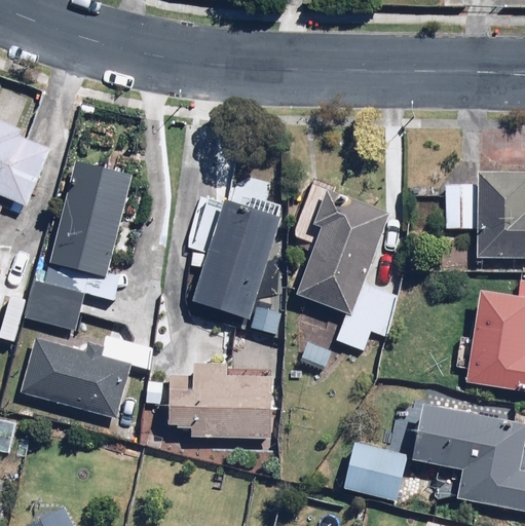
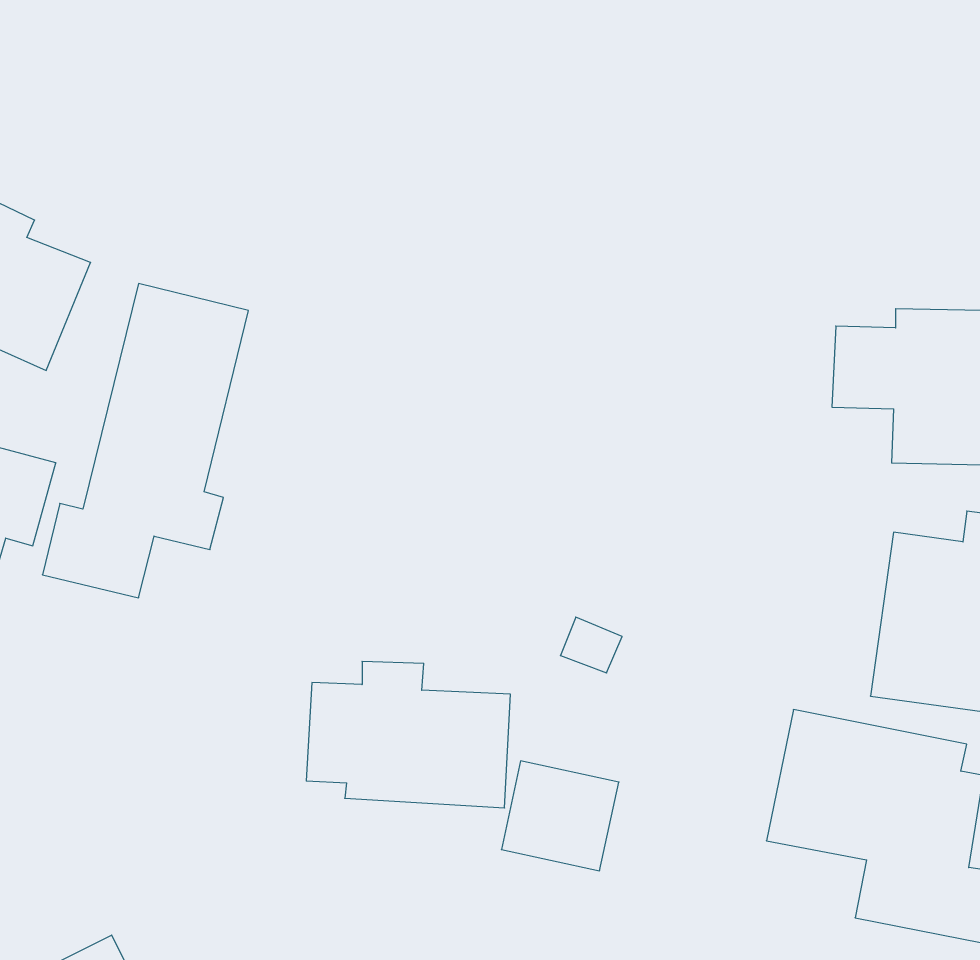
building: [296,190,398,351] -> none
building: [189,196,282,336] -> none
building: [6,337,155,416] -> none
building: [343,444,406,502] -> [501,761,619,871]

